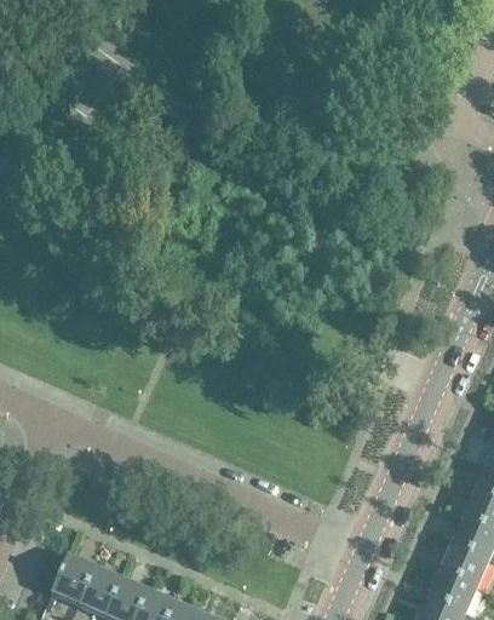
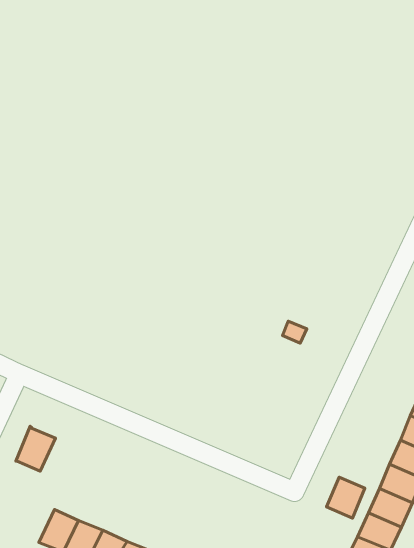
building: none -> [326,477,365,518]
building: [51,558,94,608] -> [16,426,56,471]

